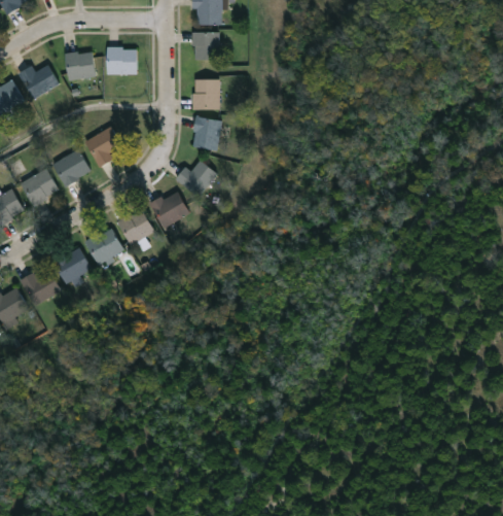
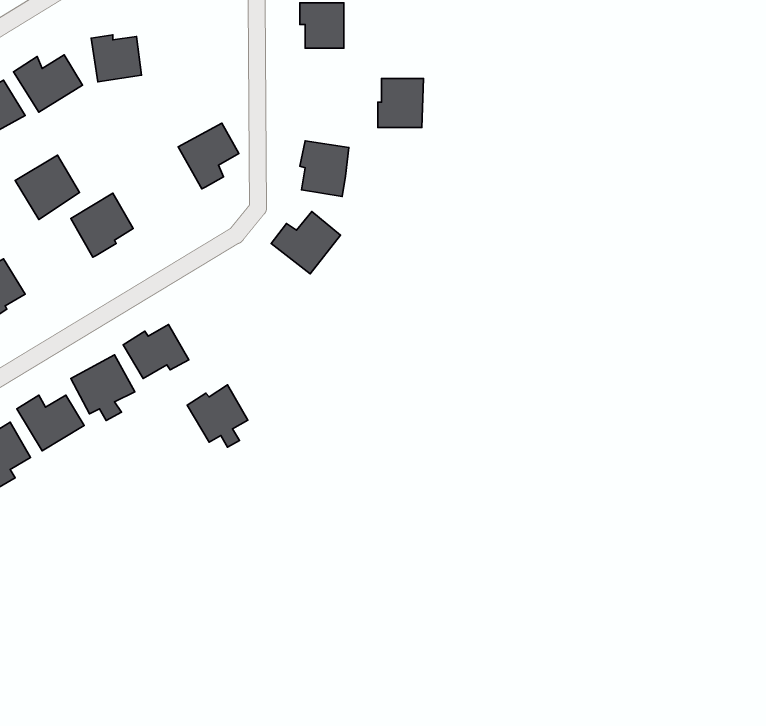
building: [106,46,137,74] -> none
building: [192,79,220,109] -> [378,79,423,127]
building: [84,127,121,167] -> [178,123,239,189]
building: [20,168,59,207] -> [15,155,79,219]
building: [149,192,190,229] -> none
building: [116,210,153,248] -> [187,385,248,447]

